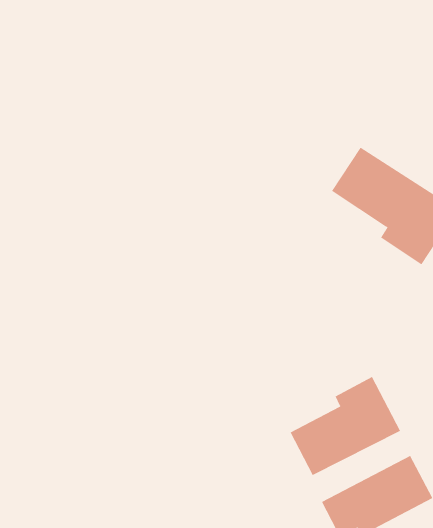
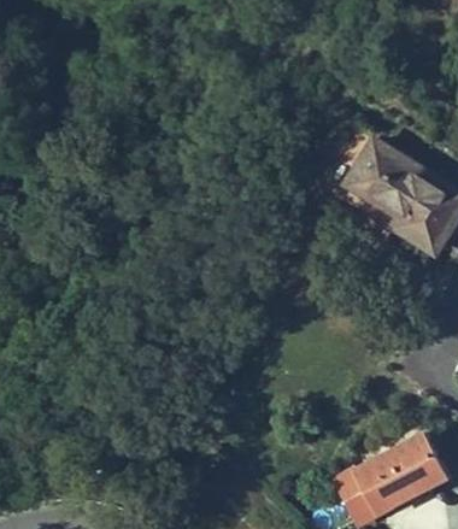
building: [290,376,401,476] -> none

